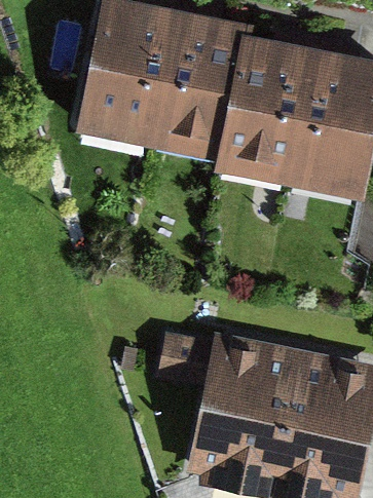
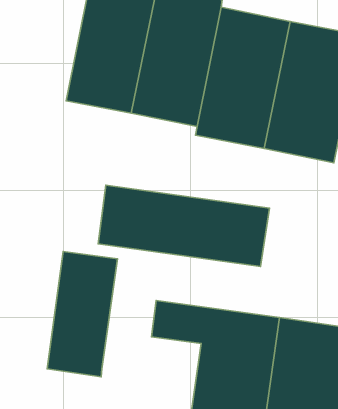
building: none -> [98,185,270,266]
building: none -> [47,252,117,377]

